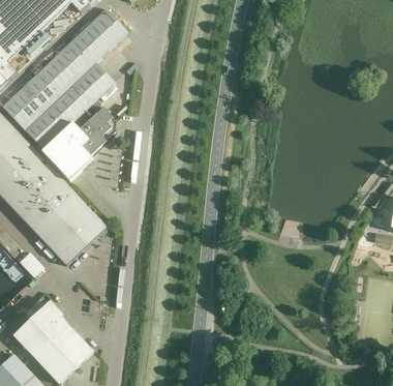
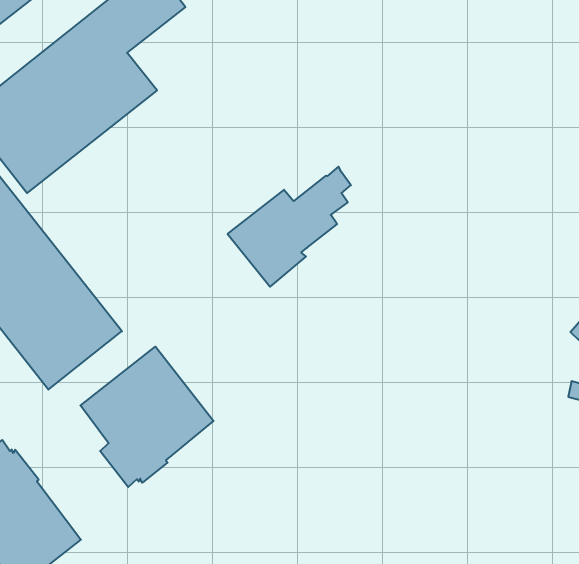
building: [41,107,112,181] -> [228,167,351,287]
building: none -> [80,347,214,487]

